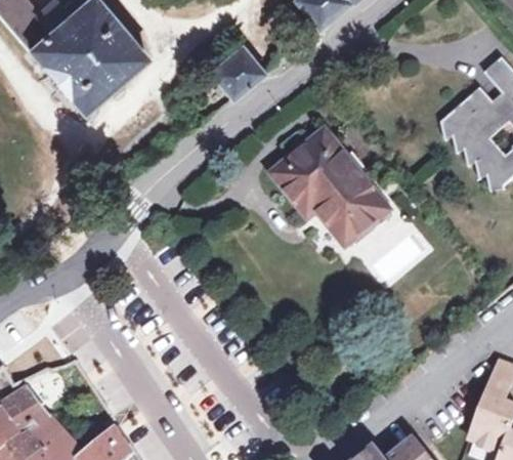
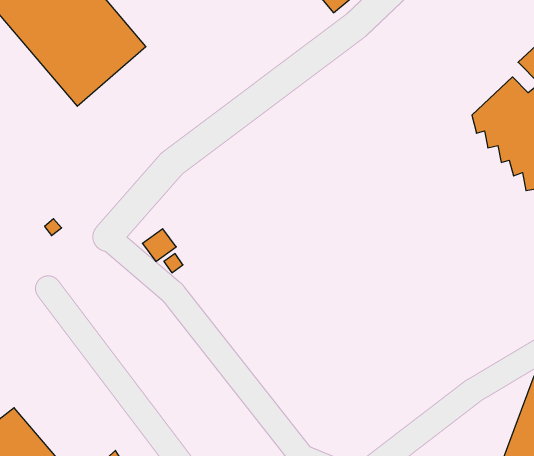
building: [210,45,263,98] -> none
building: [273,129,391,245] -> none

